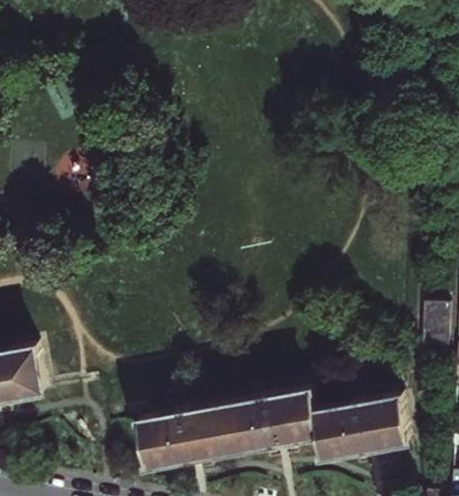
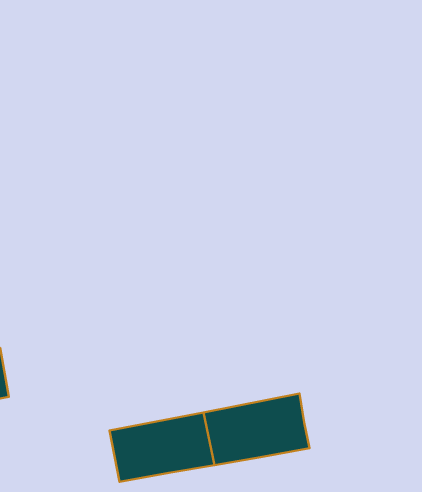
building: [315,398,409,457] -> none

